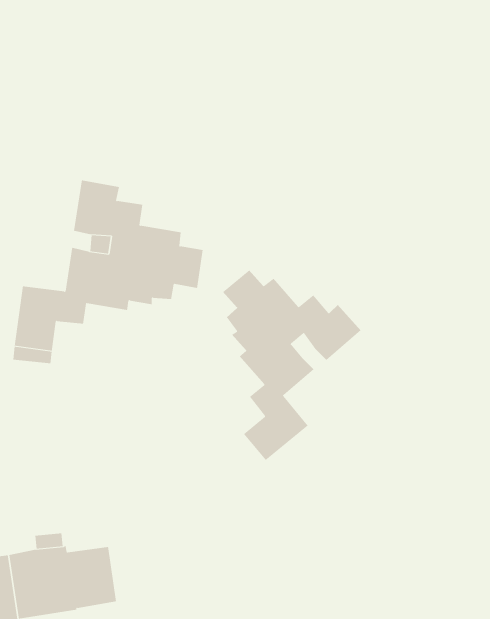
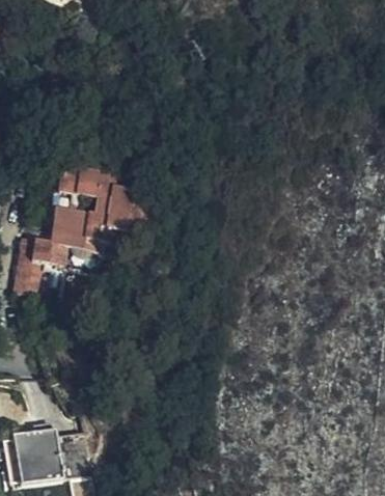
building: [222,269,362,461] -> none

